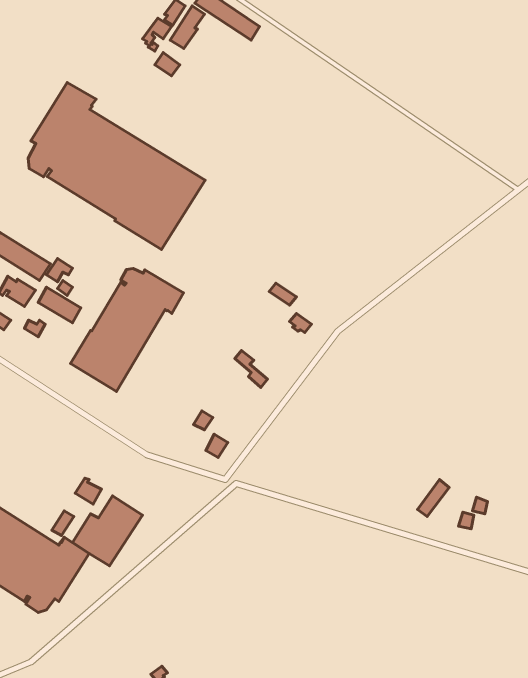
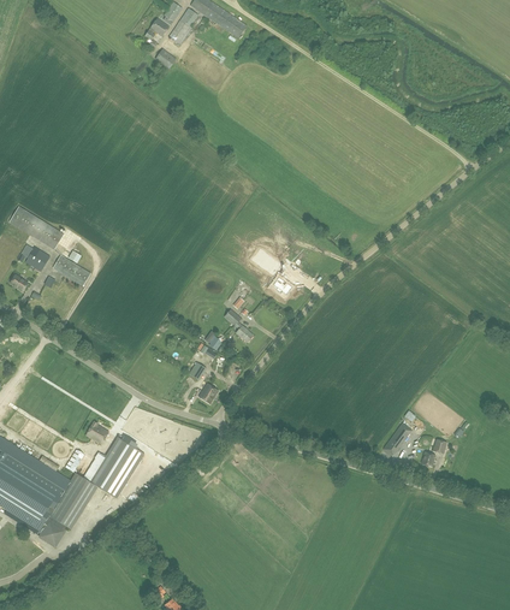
building: [28,82,205,250] -> none
building: [71,269,183,391] -> none

